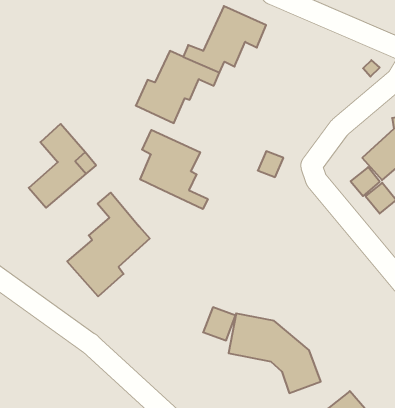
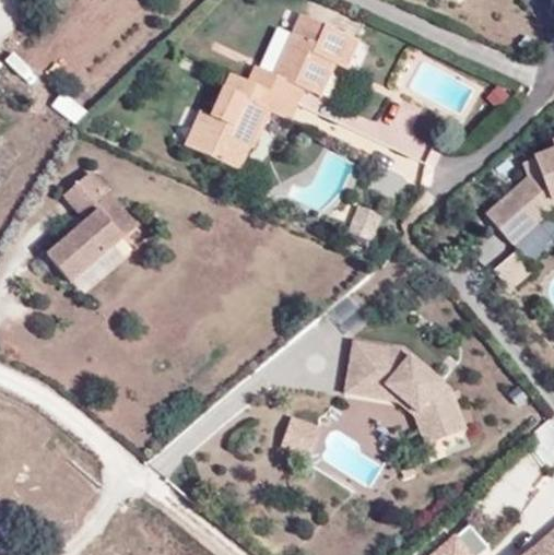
building: [140,130,208,209] -> none
building: [67,193,150,296] -> none
building: [229,313,321,393] -> [345,341,467,446]

